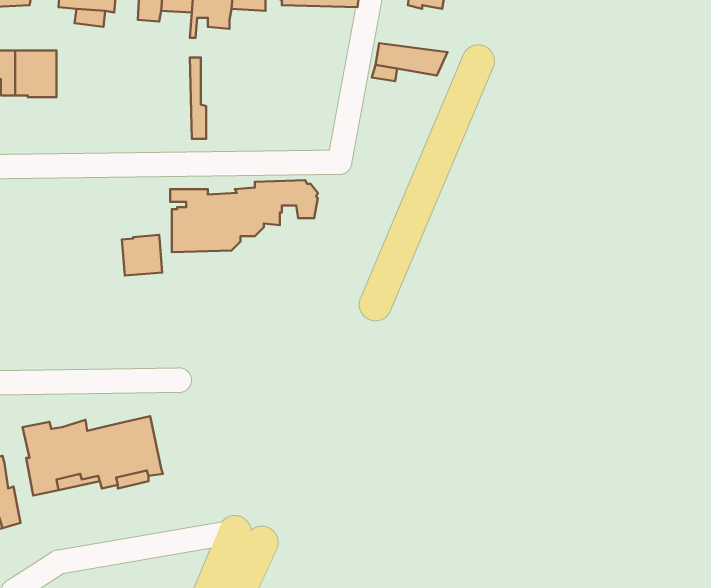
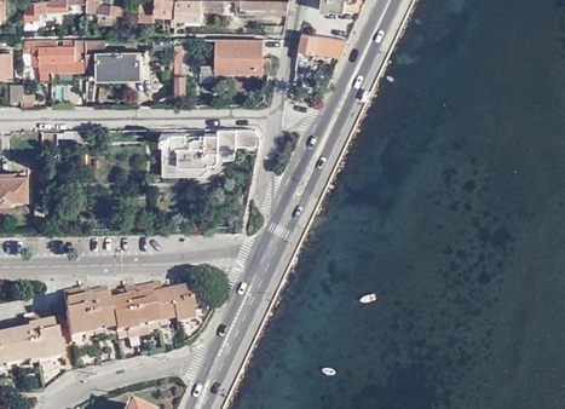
building: none -> [85,39,140,79]
building: none -> [215,40,271,74]
building: [122,235,162,276] -> none
building: none -> [148,284,192,322]

